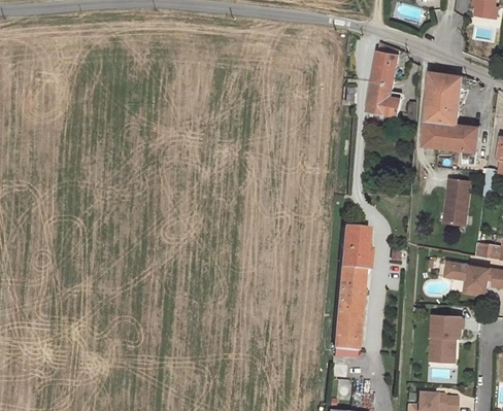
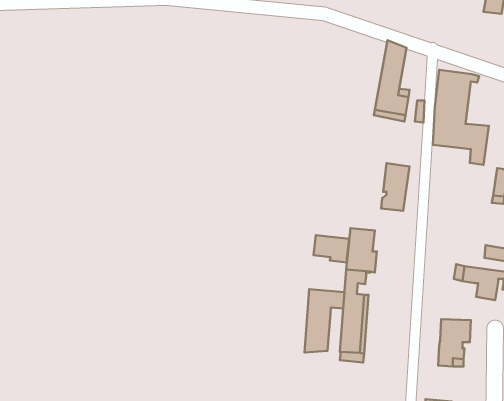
building: [443,178,471,225] -> [381,163,410,211]
building: none -> [313,235,349,262]
building: none -> [304,289,345,352]

